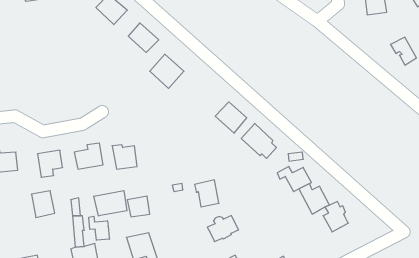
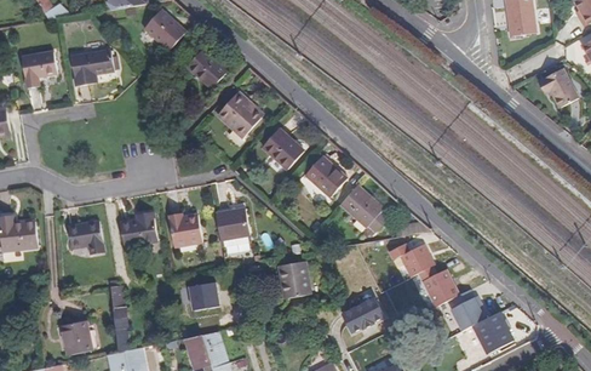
building: none -> [70,50,114,86]
building: none -> [21,52,57,89]
building: none -> [262,127,304,169]
building: none -> [213,207,246,240]
building: [94,191,127,216] -> none
building: [31,191,55,218] -> [59,319,91,355]
building: [207,216,239,242] -> [342,297,384,332]
building: [89,216,109,240] -> none
building: none -> [474,313,512,354]

